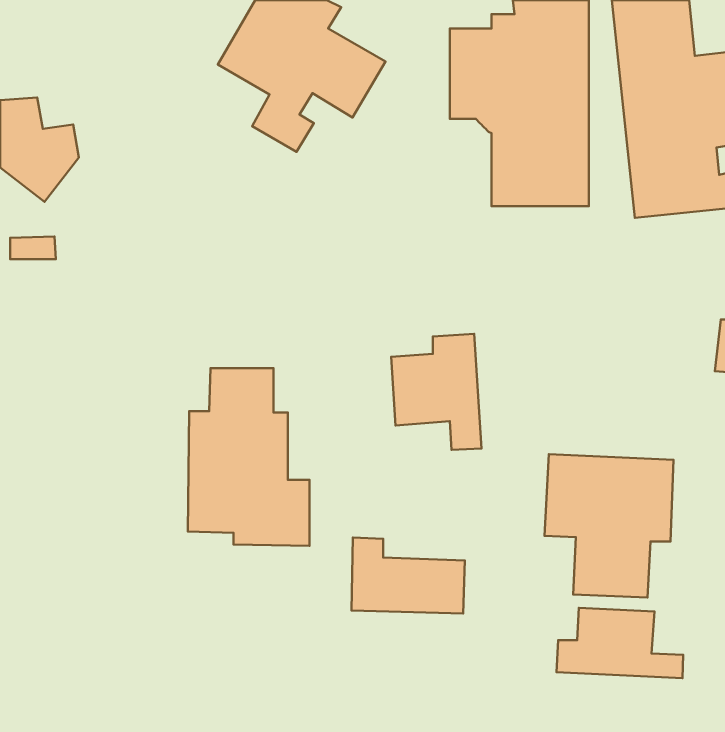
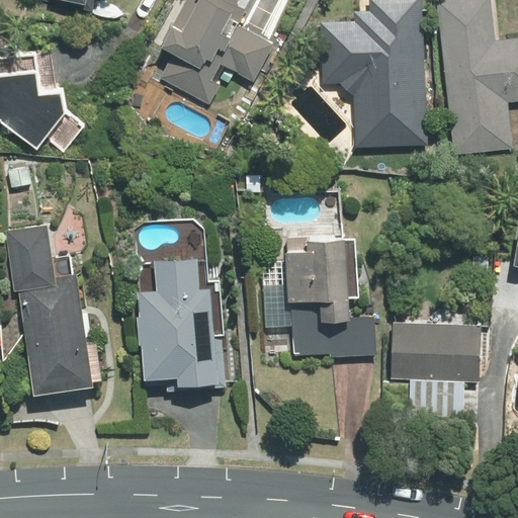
building: none -> [10,225,90,393]
building: [351,538,465,613] -> [294,306,374,359]
building: [556,608,683,678] -> none

